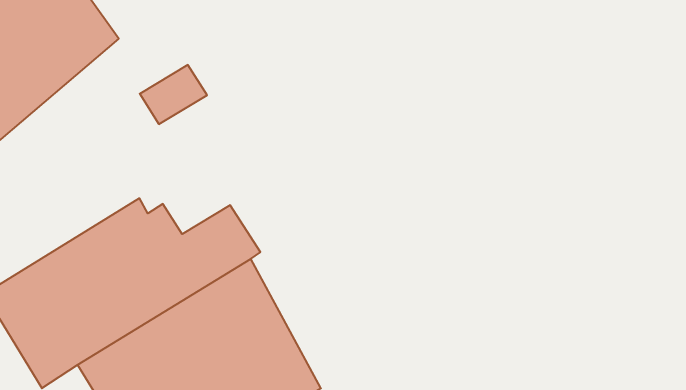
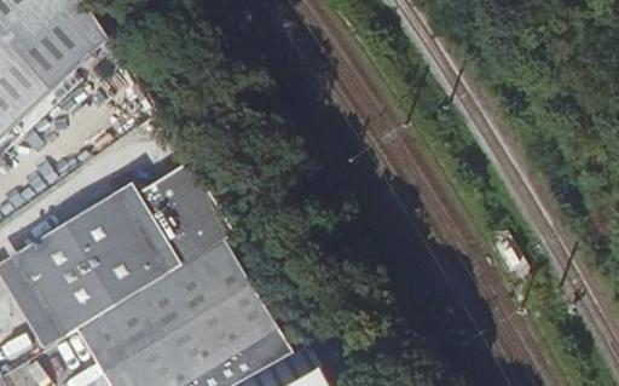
building: [140,65,207,124] -> [146,165,206,217]

